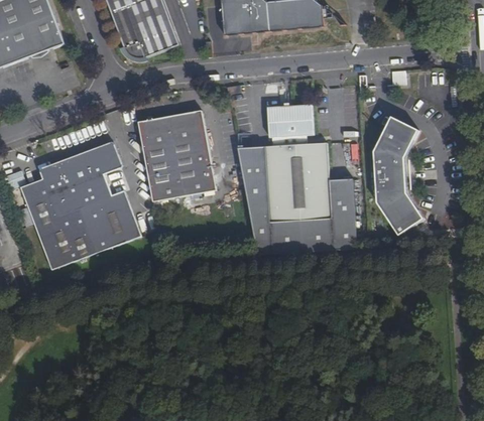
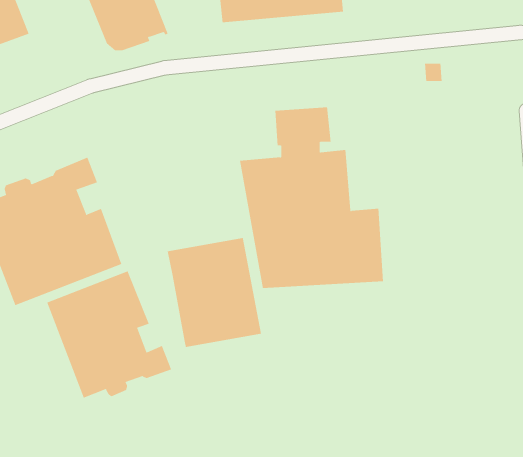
building: [137,109,216,199] -> [167,238,262,347]
building: [373,114,424,233] -> none
building: none -> [47,271,172,399]

